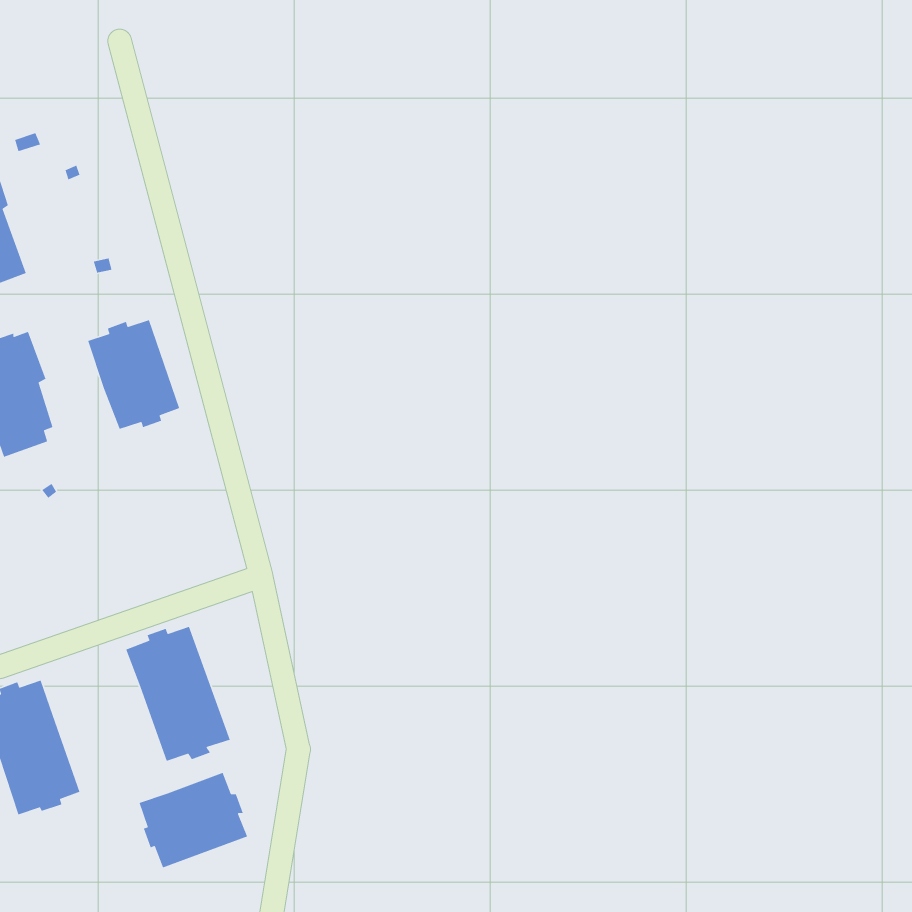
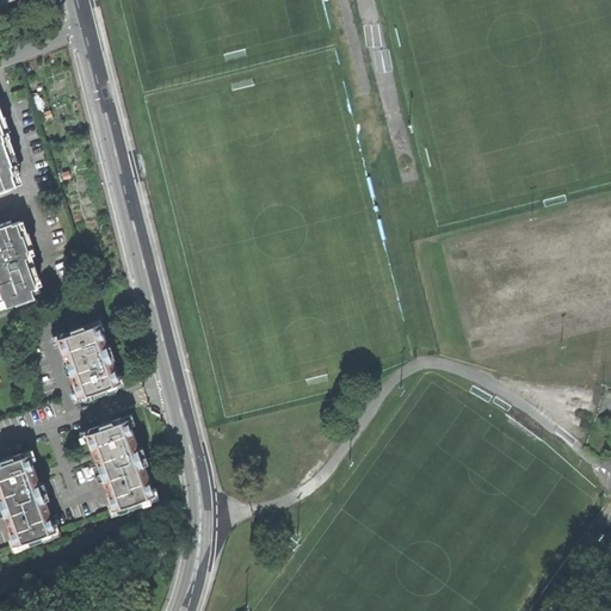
building: [87,319,180,430] -> [56,323,118,397]
building: [139,772,248,868] -> none

